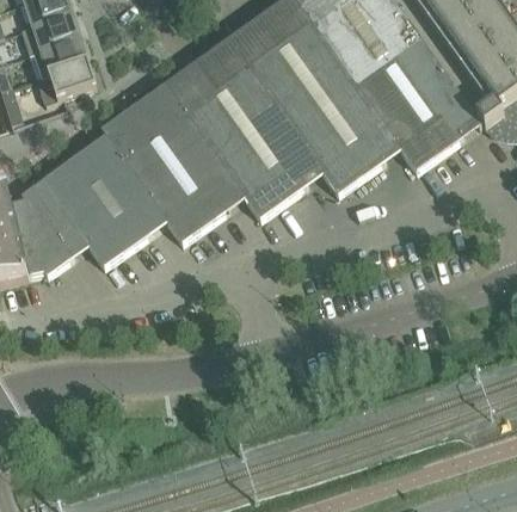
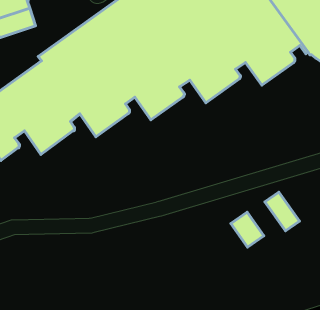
building: none -> [265,192,299,231]
building: none -> [231,212,264,247]

